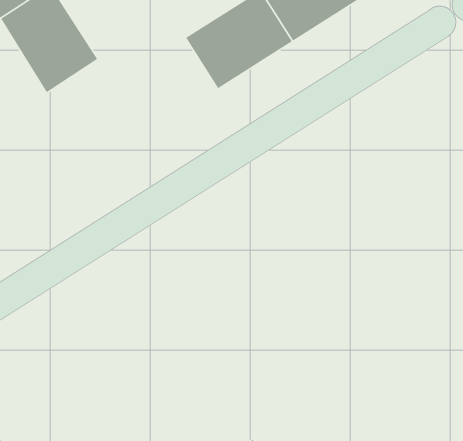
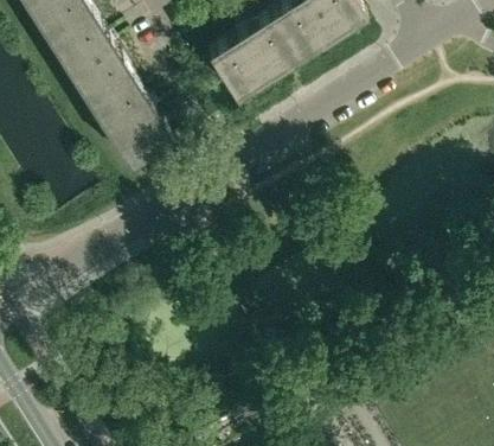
building: none -> [88,72,174,166]

